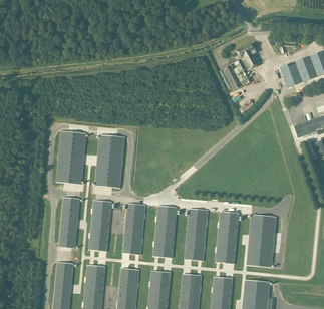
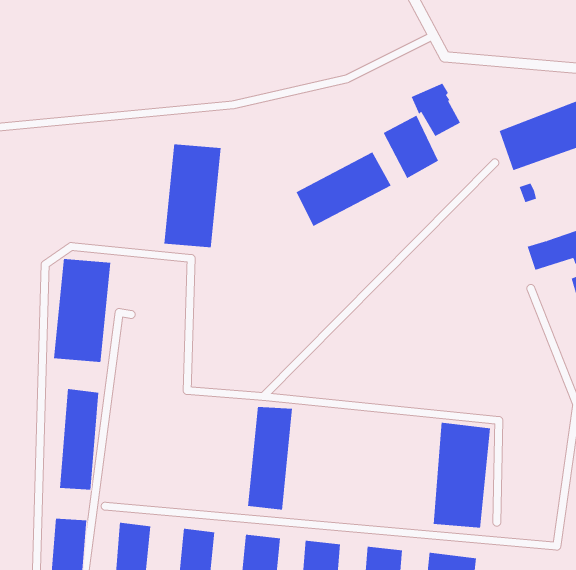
building: none -> [296,152,392,227]
building: [95,135,124,188] -> [164,144,221,248]
building: [91,200,111,252] -> none
building: [122,203,143,255] -> none
building: [185,209,208,261] -> none
building: [216,212,239,263] -> none

